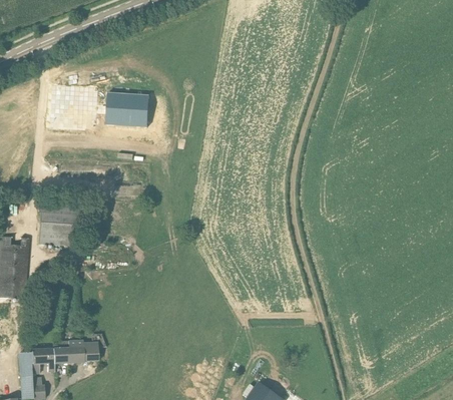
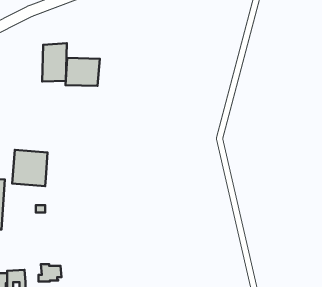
building: none -> [42,43,67,81]
building: [54,341,75,364] -> none

